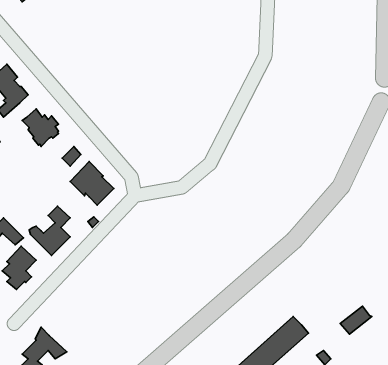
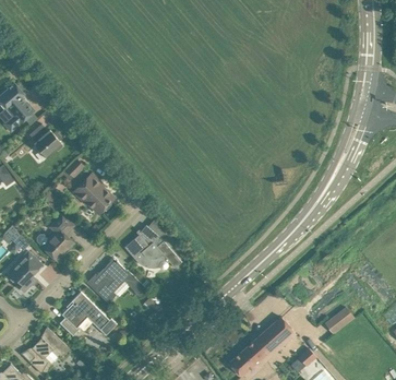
building: none -> [124,225,181,269]
building: none -> [96,258,146,302]
building: none -> [59,292,117,335]

